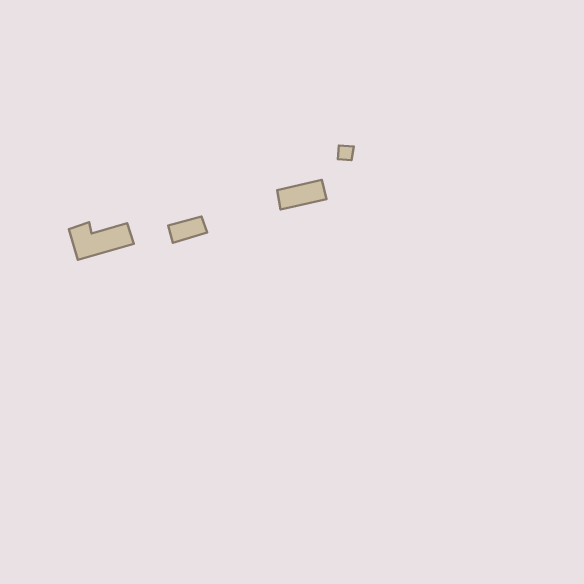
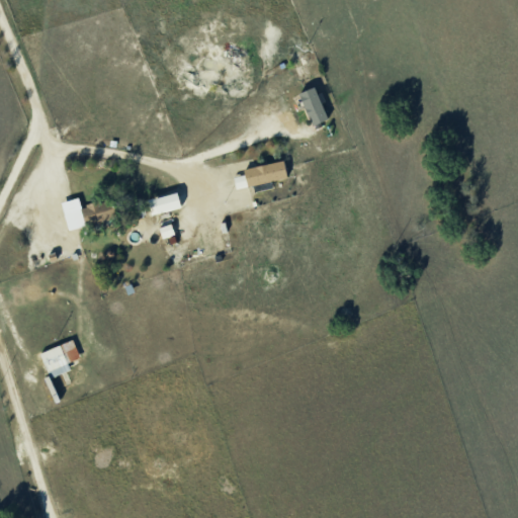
building: none -> [299,87,329,126]
building: none -> [39,339,80,378]

